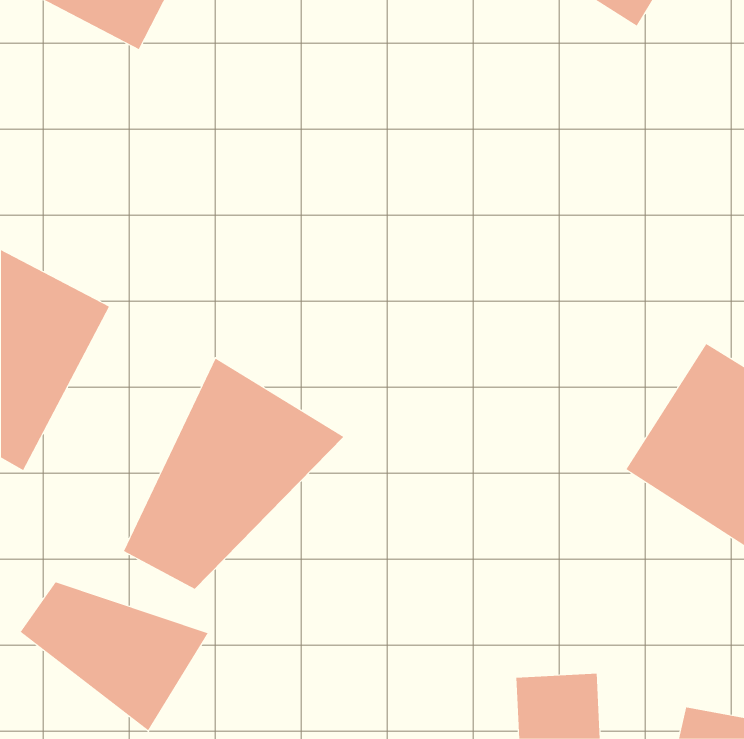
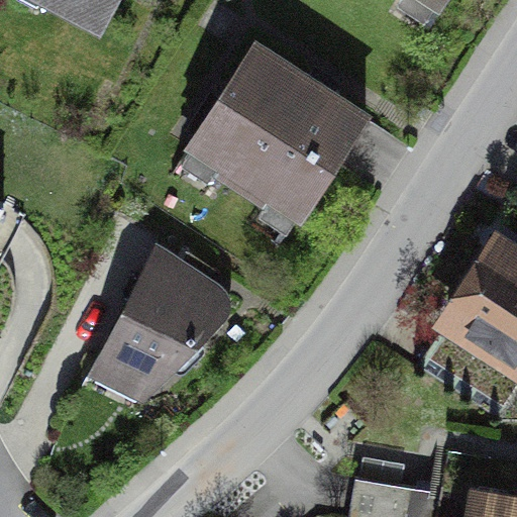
building: none -> [184,47,373,233]
building: [20,581,209,731] -> none

